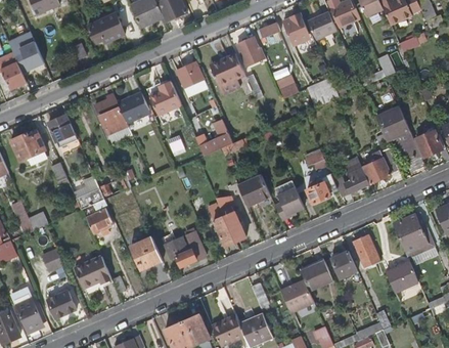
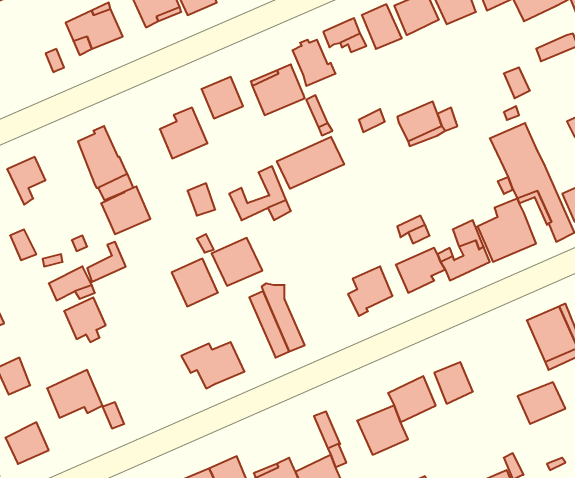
building: [118,91,150,123] -> [101,186,150,234]
building: none -> [277,137,344,189]
building: [237,174,271,206] -> [212,238,262,286]
building: [353,233,378,266] -> none
building: [131,236,162,268] -> [172,259,218,306]

